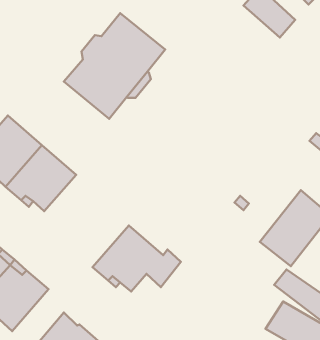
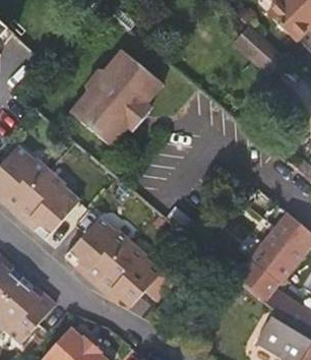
building: none -> [68,218,129,284]
building: none -> [236,259,277,300]

